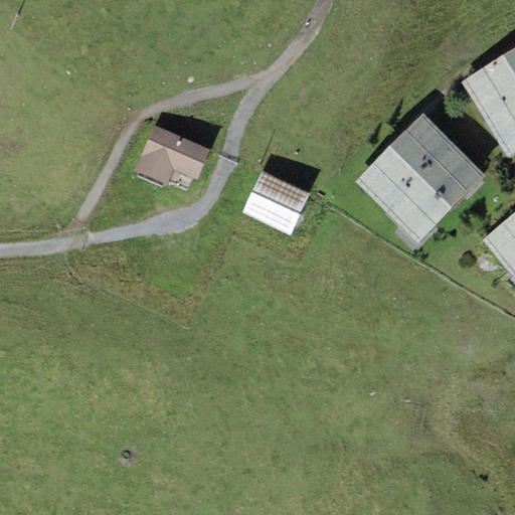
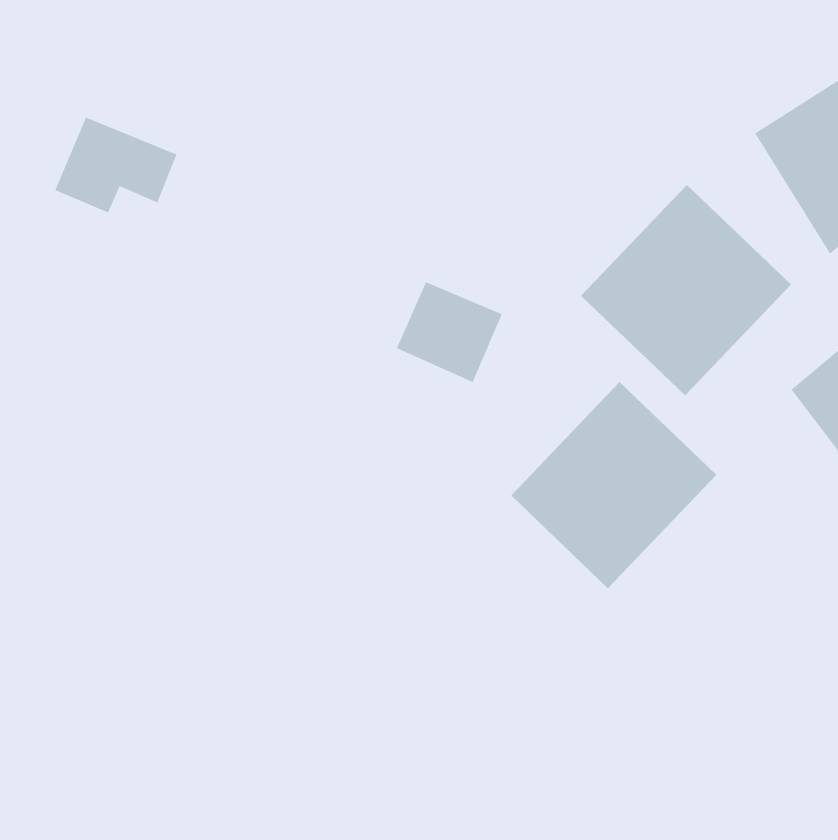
building: [136,125,211,184] -> [54,117,178,213]
building: none -> [510,381,717,589]

